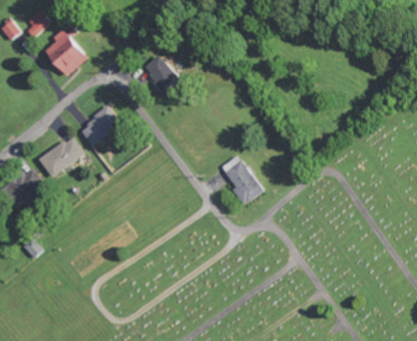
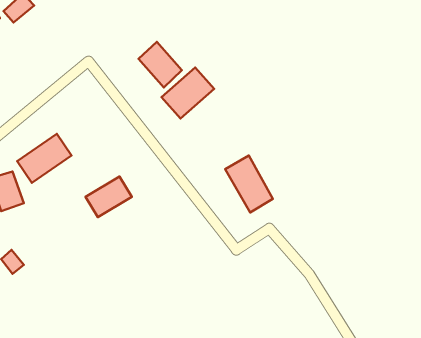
building: [45,28,88,75] -> none
building: none -> [161,67,214,119]
building: [79,108,121,144] -> [85,176,132,217]

